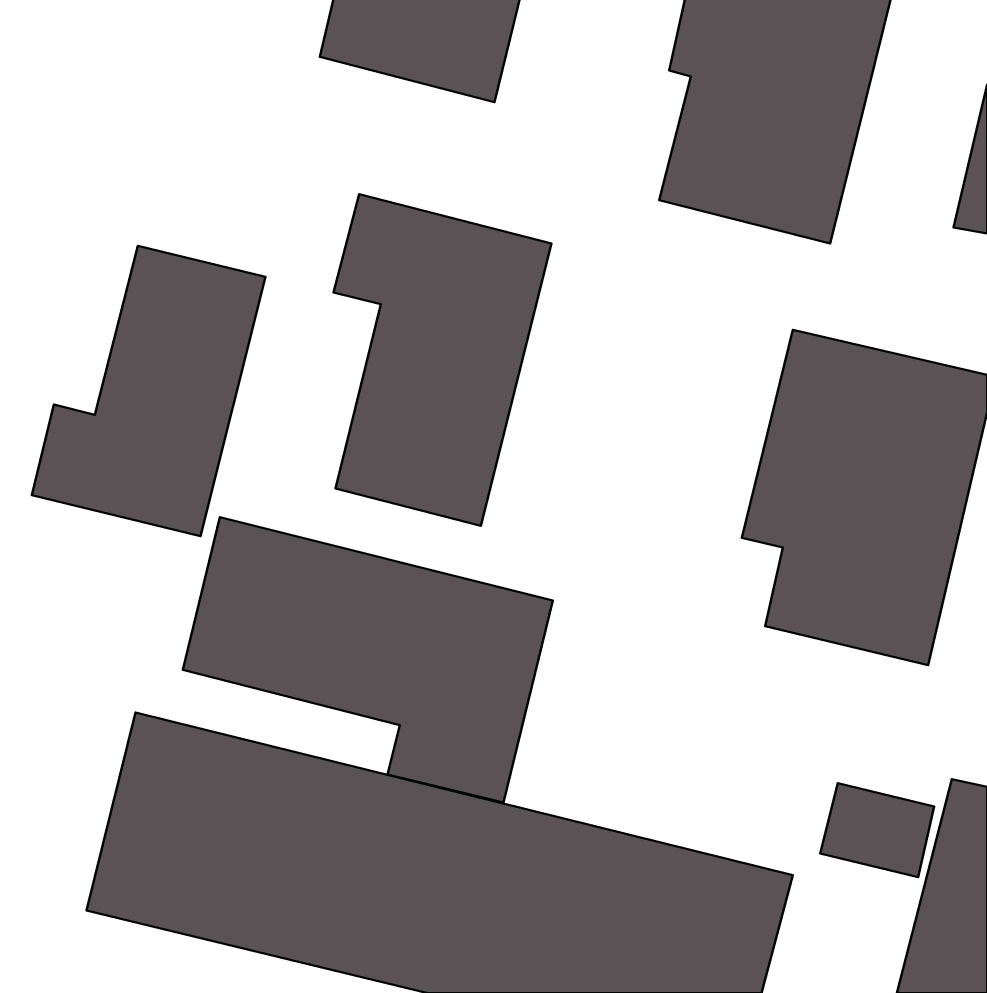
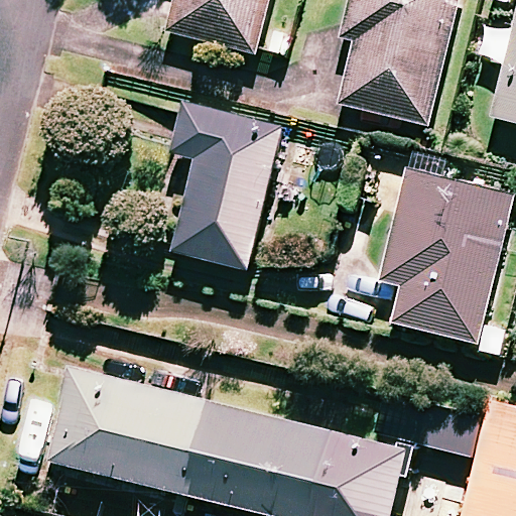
building: [32,246,265,536] -> none
building: [183,517,553,803] -> none

